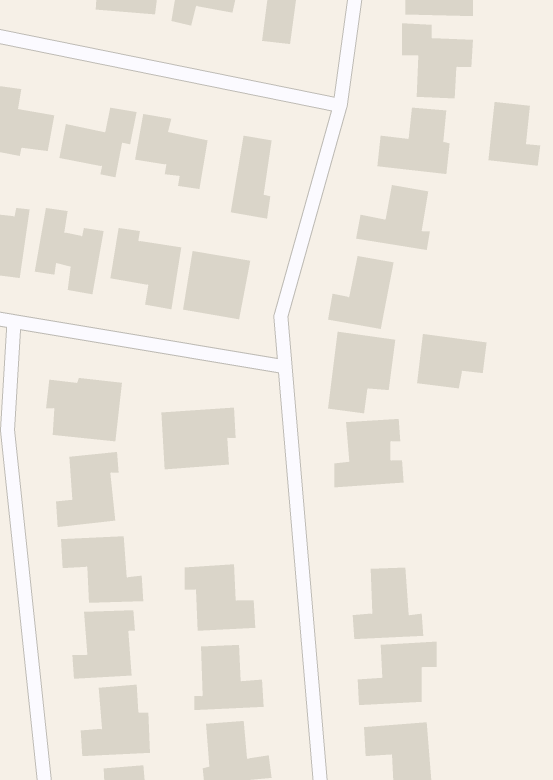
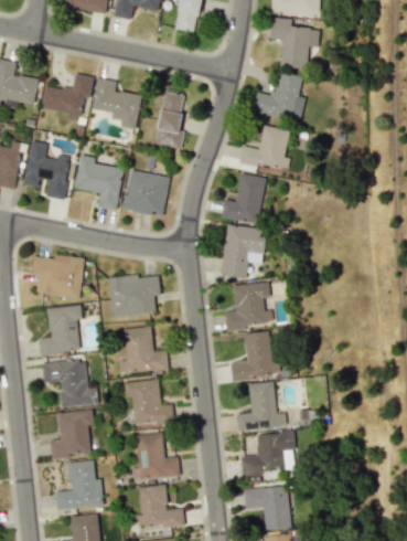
building: [488,101,541,167] -> none
building: [417,333,487,389] -> none
building: none -> [119,326,168,373]
building: none -> [229,329,277,380]

